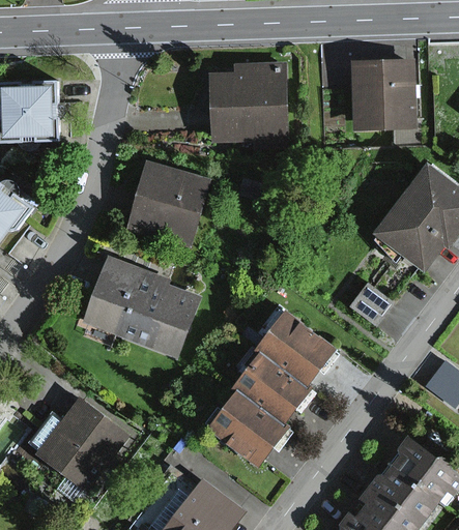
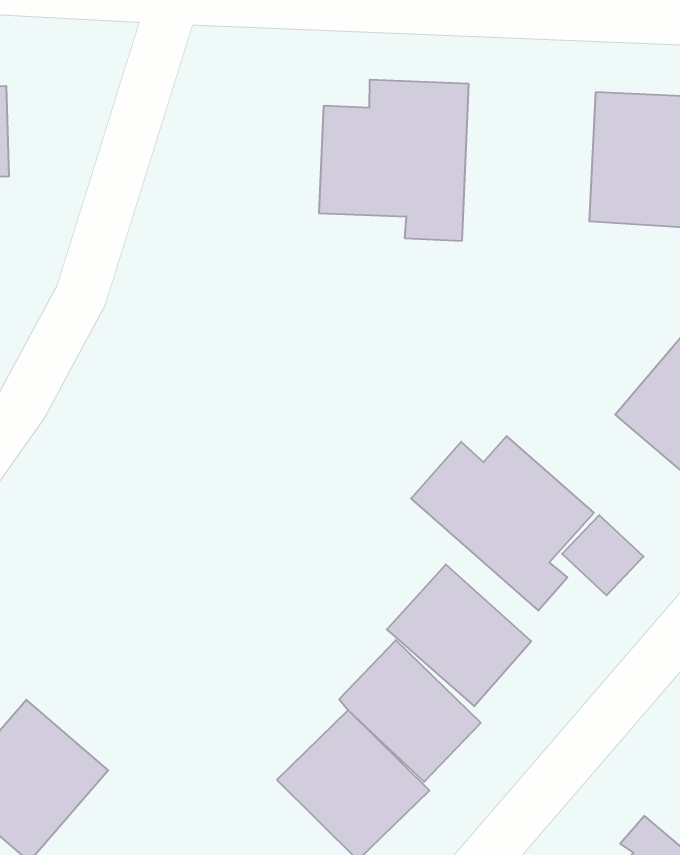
building: [135,168,204,240] -> none
building: none -> [411,436,594,611]
building: [75,258,196,356] -> none

